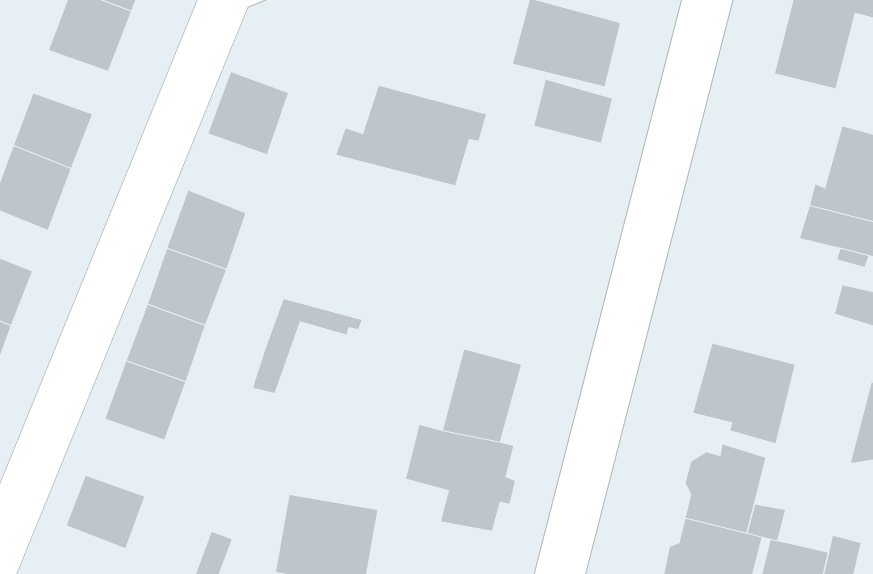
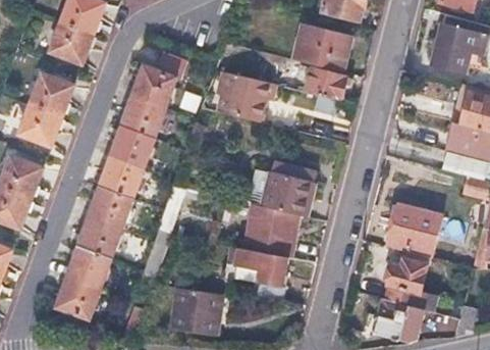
building: none -> [123,96,165,138]
building: none -> [263,171,316,217]
building: none -> [69,246,111,287]

